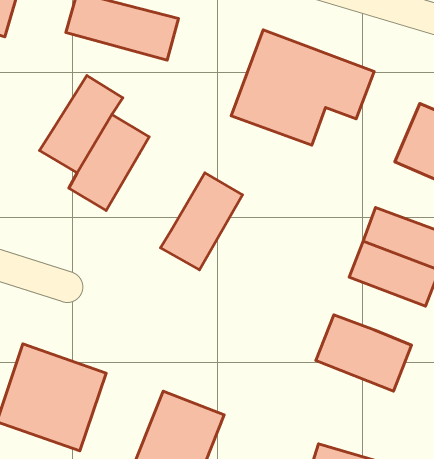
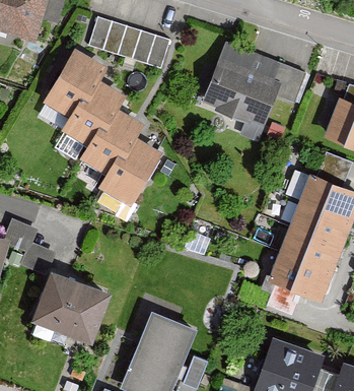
building: none -> [43,45,102,114]
building: [160,173,242,270] -> [102,132,162,203]
building: none -> [277,222,344,272]

